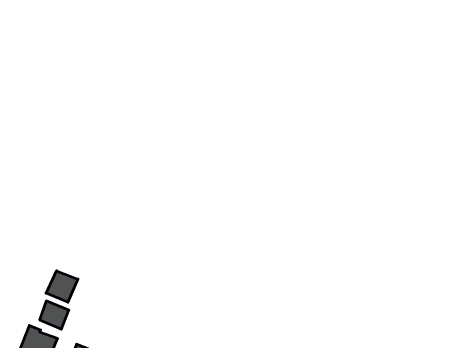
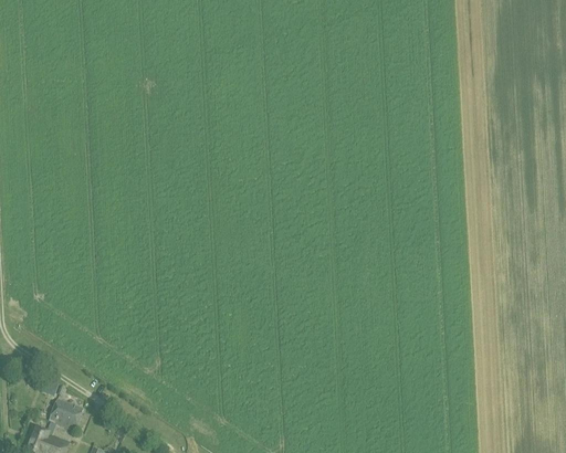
building: [46,271,78,302] -> none

